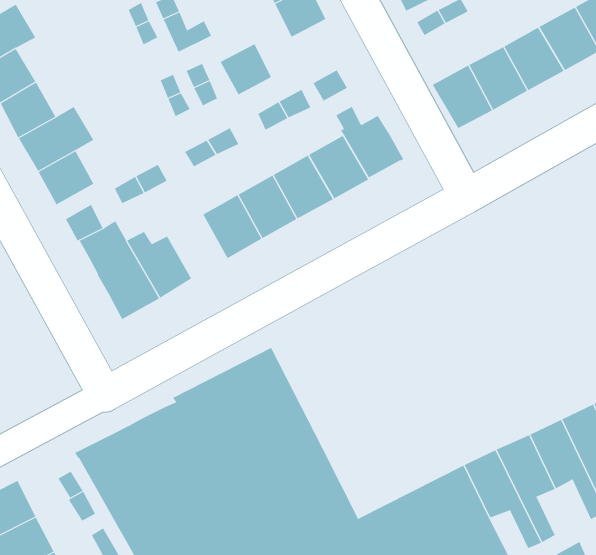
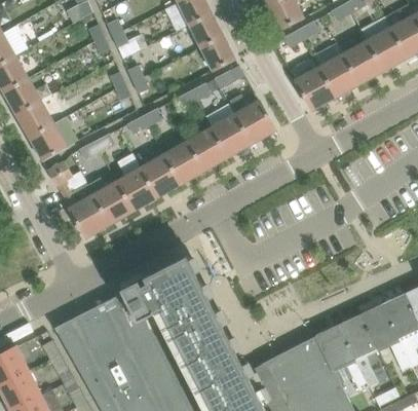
building: [220,43,272,95] -> [199,36,234,71]
building: none -> [116,154,156,211]

